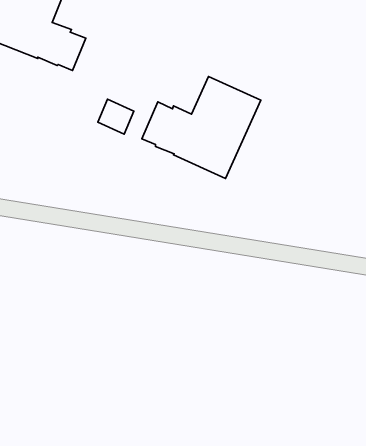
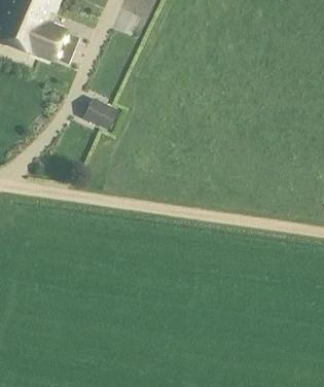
building: [142,77,261,179] -> none

